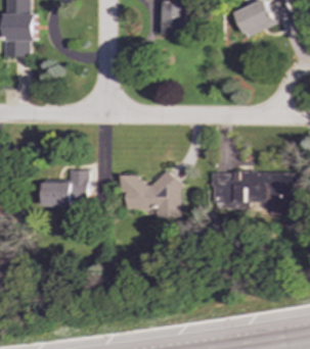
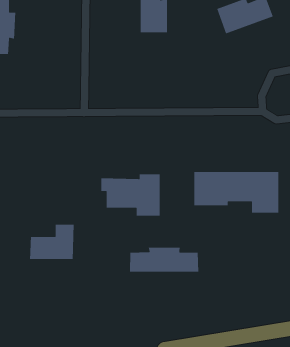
building: [41,169,86,205] -> [29,224,74,260]
building: none -> [129,247,199,273]

